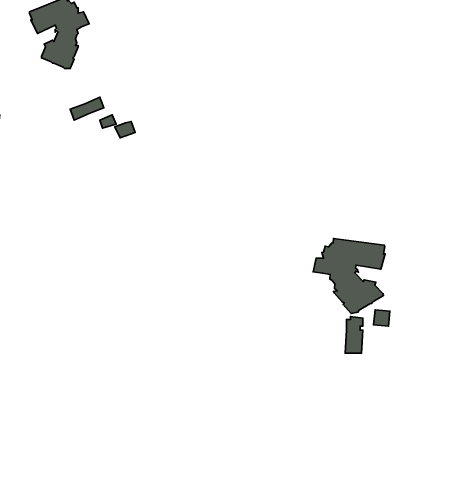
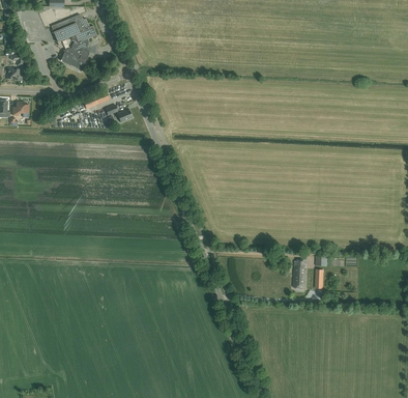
building: [313,238,385,313] -> none

